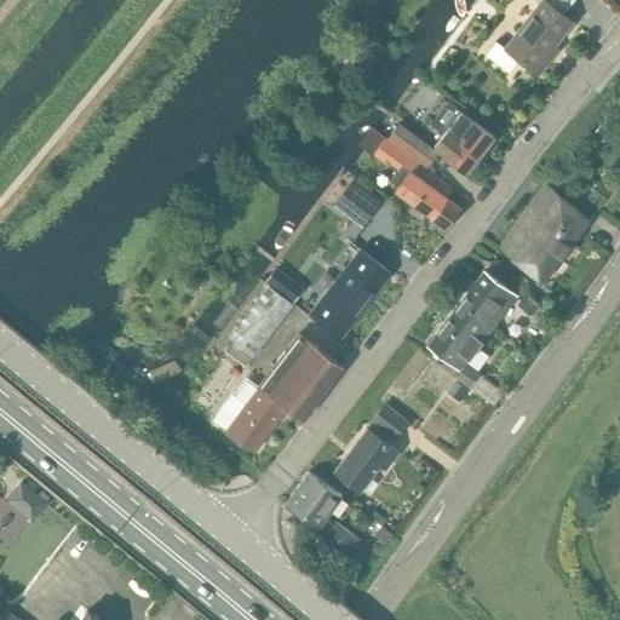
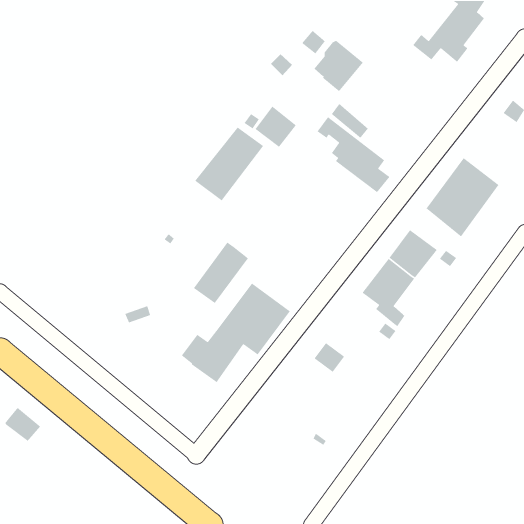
building: [436,111,495,173] -> [314,40,364,92]
building: [333,179,383,229] -> [255,106,297,148]
building: [310,251,392,339] -> [194,126,264,201]
building: [334,429,398,490] -> none
building: [287,473,358,555] -> none

